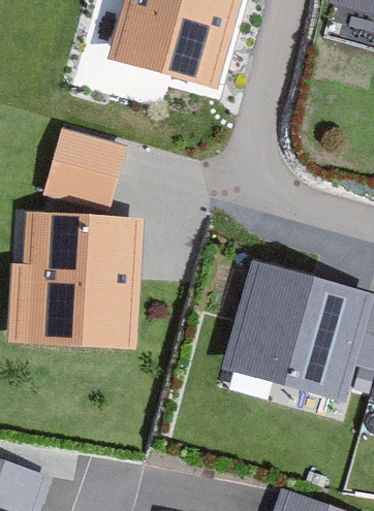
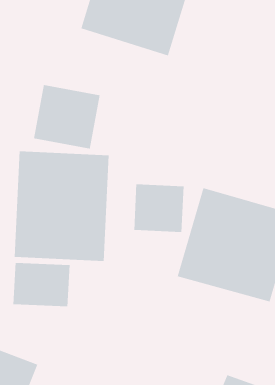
building: none -> [134,184,184,233]
building: none -> [13,262,70,307]

